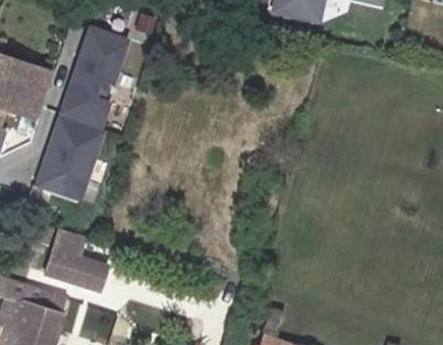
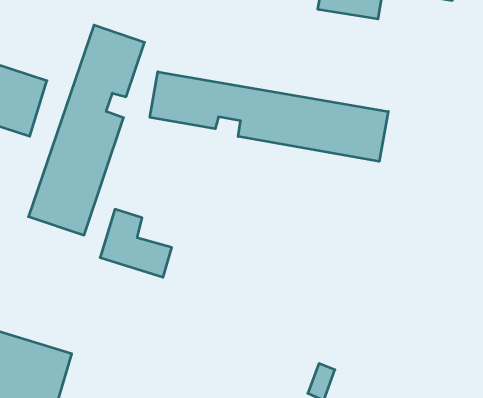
building: none -> [150,72,388,161]
building: [49,235,108,291] -> [100,209,172,277]

